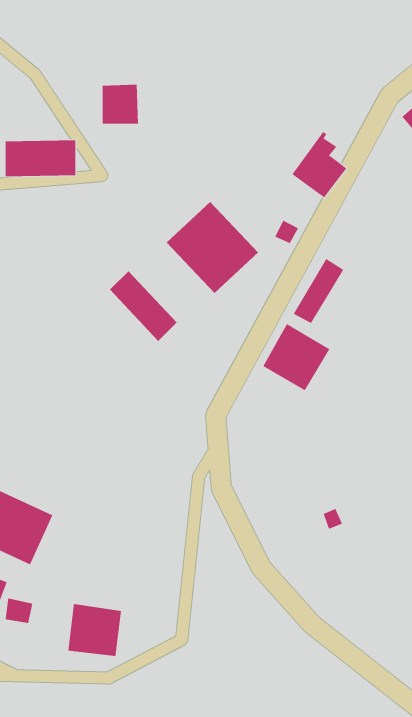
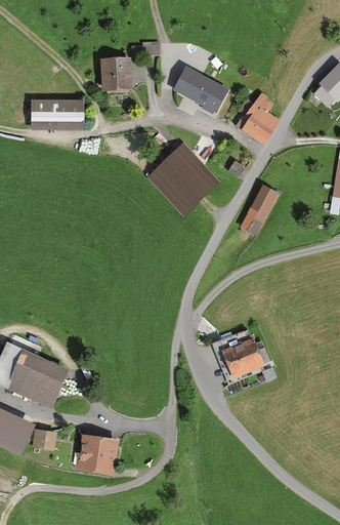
building: none -> [173,67,224,108]
building: [109,270,177,342] -> none
building: [263,323,330,391] -> none
building: none -> [225,338,265,375]

